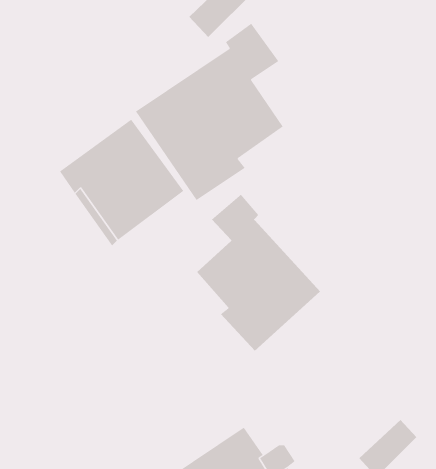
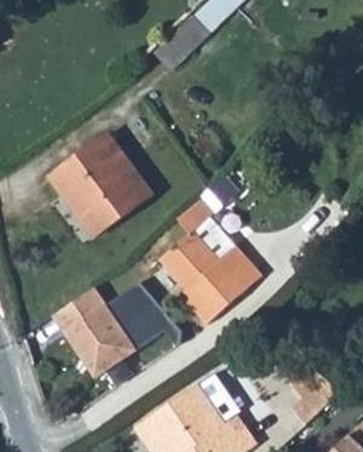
building: [135,23,284,201] -> none
building: none -> [56,276,178,377]

